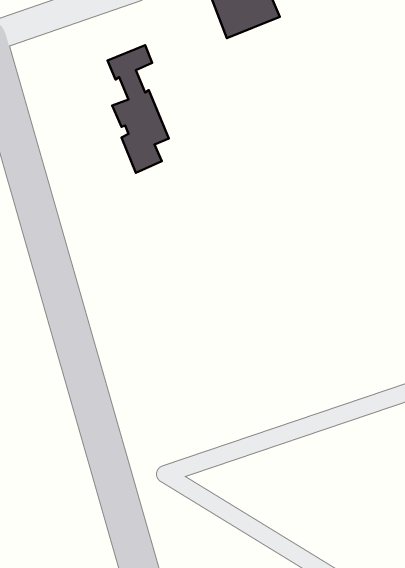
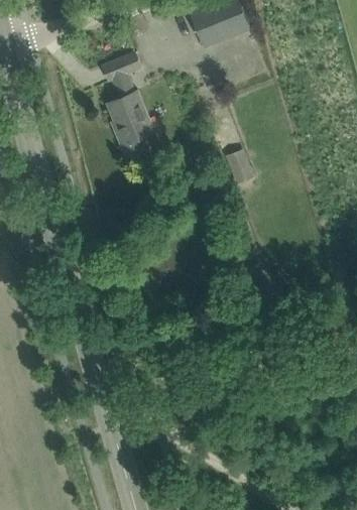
building: none -> [223,147,254,182]

